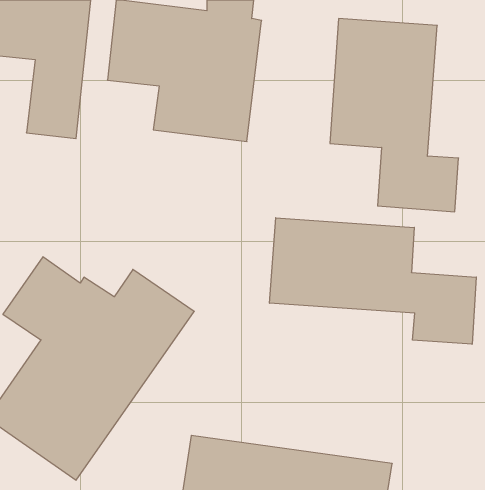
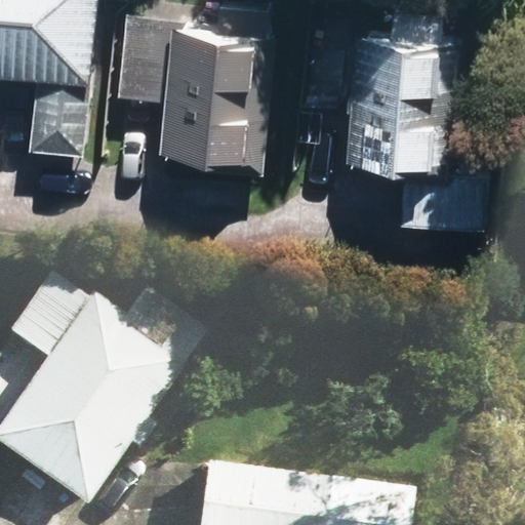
building: [270,218,476,344] -> none

